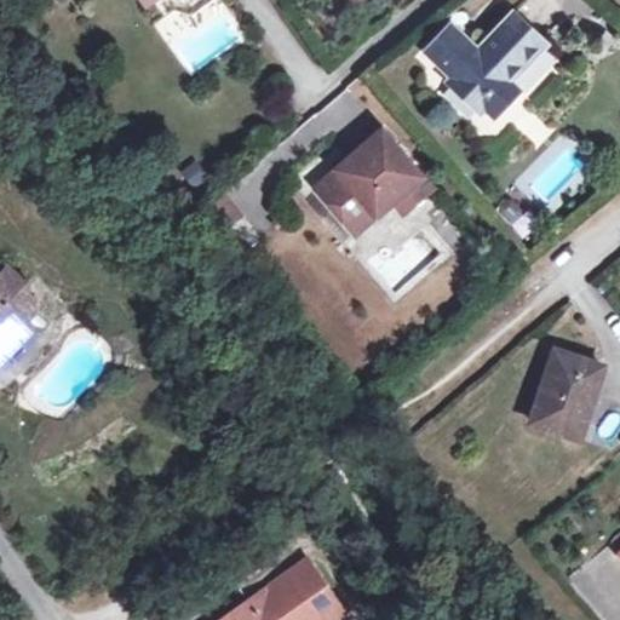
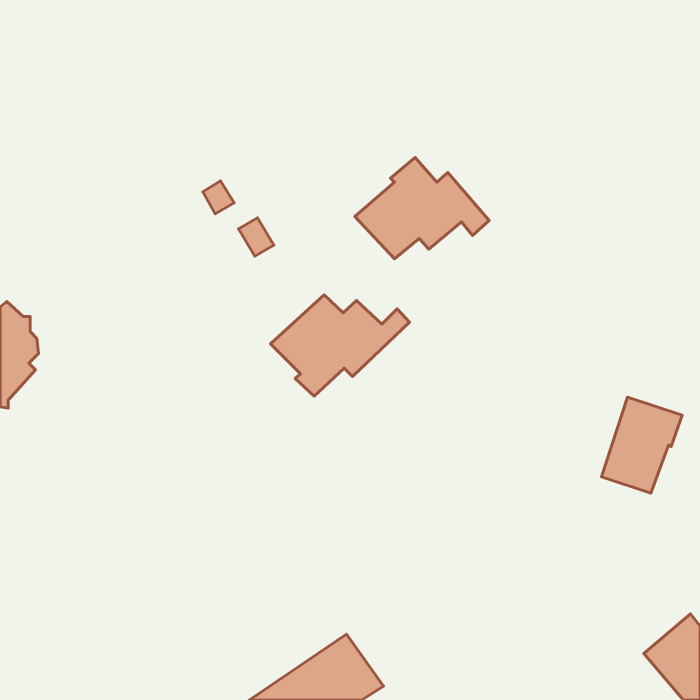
building: [429,12,544,114] -> none
building: none -> [270,295,409,396]

